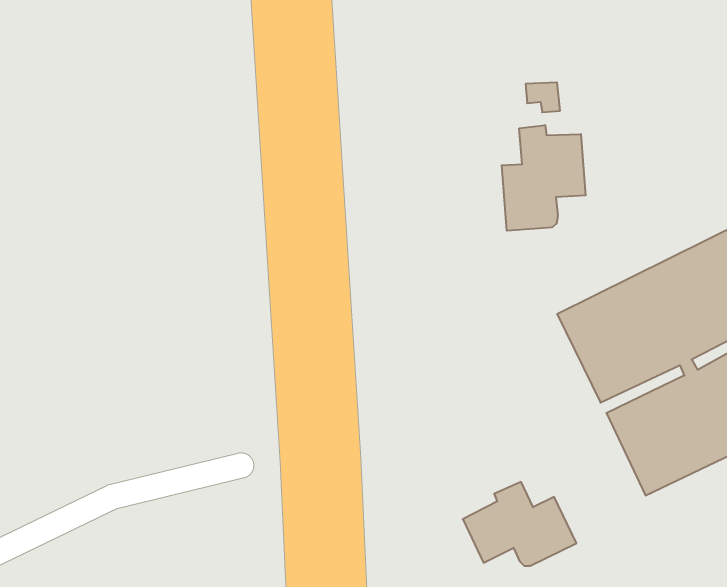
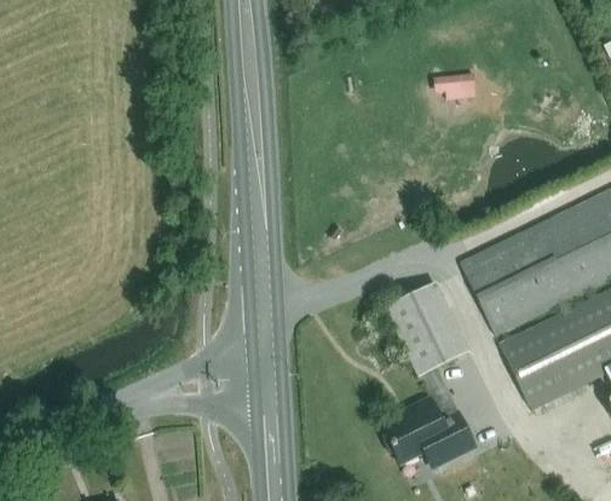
building: [502,125,585,231] -> none
building: none -> [385,282,471,376]

